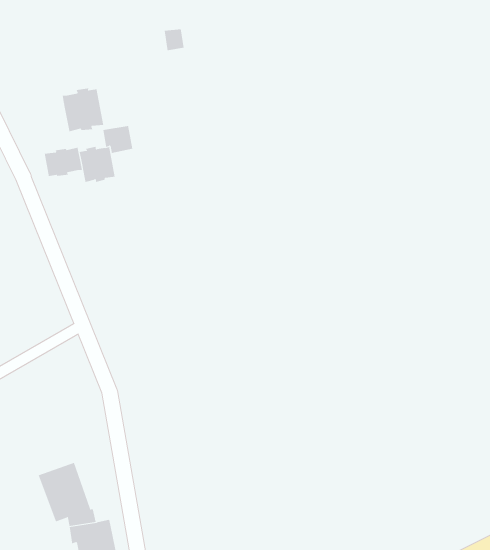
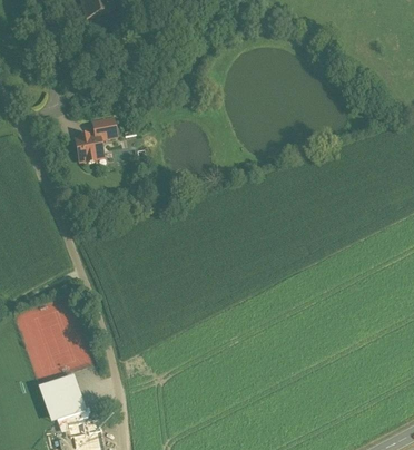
building: [62,88,104,132] -> none
building: [44,147,82,177] -> none

